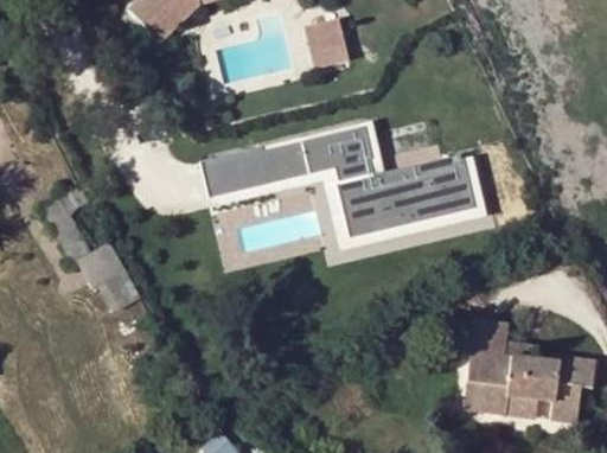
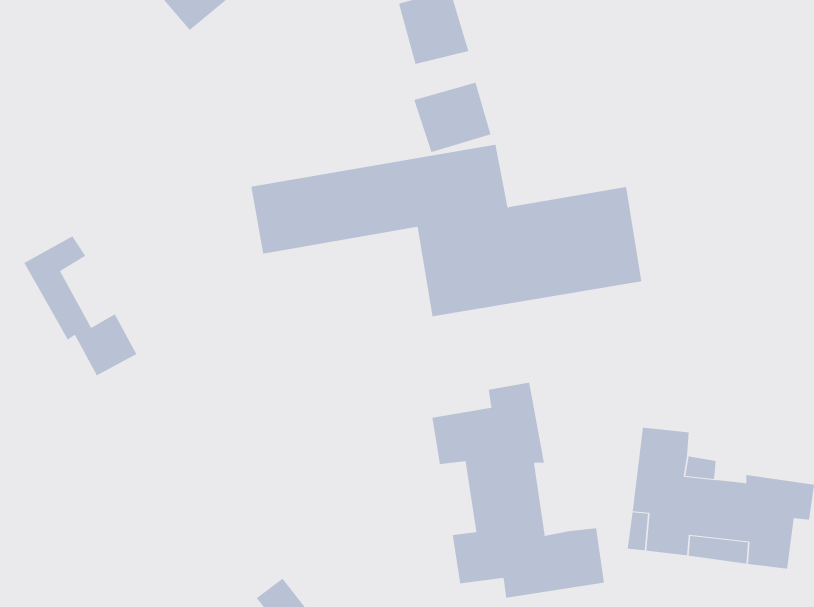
building: none -> [414,82,491,153]
building: none -> [432,382,604,599]

